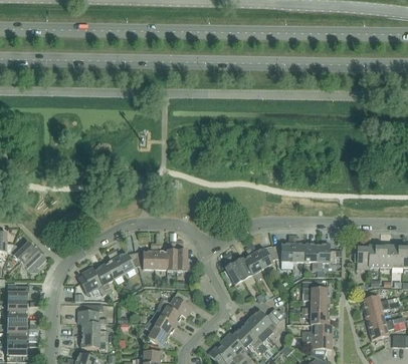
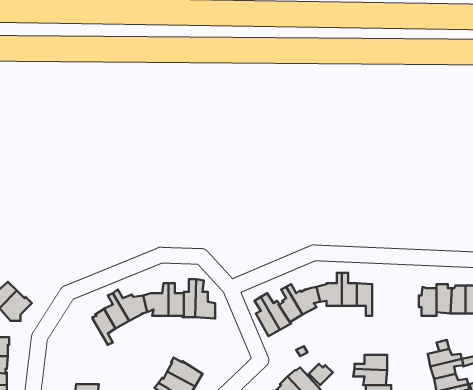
building: [317,245,341,271] -> none
building: [79,267,107,295] -> none
building: [302,283,329,301] -> none
building: [159,292,191,318] -> none
building: [77,305,107,324] -> none

